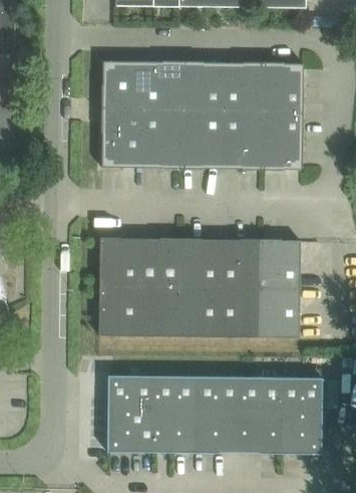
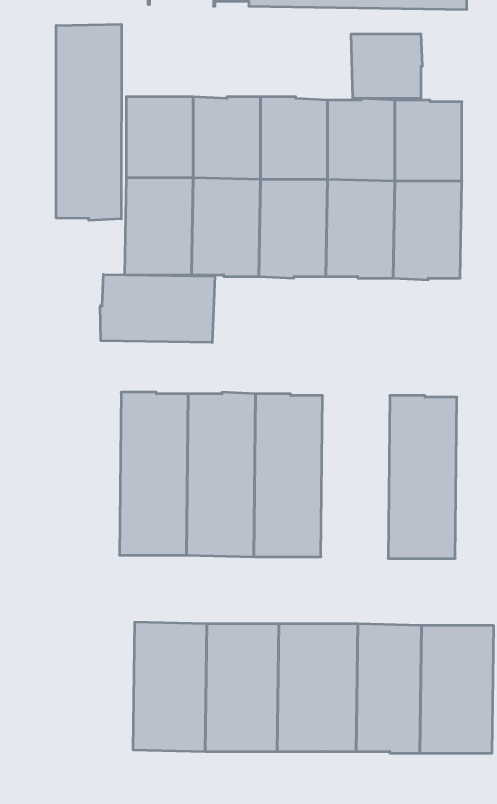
building: none -> [56,24,121,220]
building: none -> [351,34,422,98]
building: none -> [100,274,215,343]
building: [219,238,260,336] -> none

